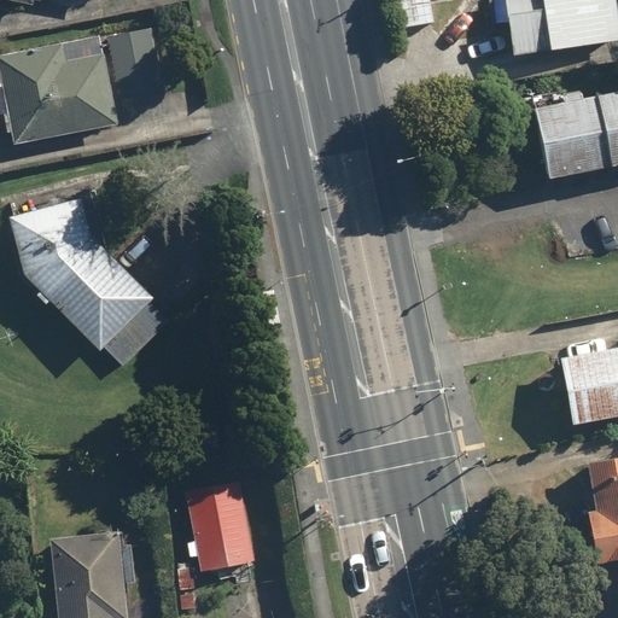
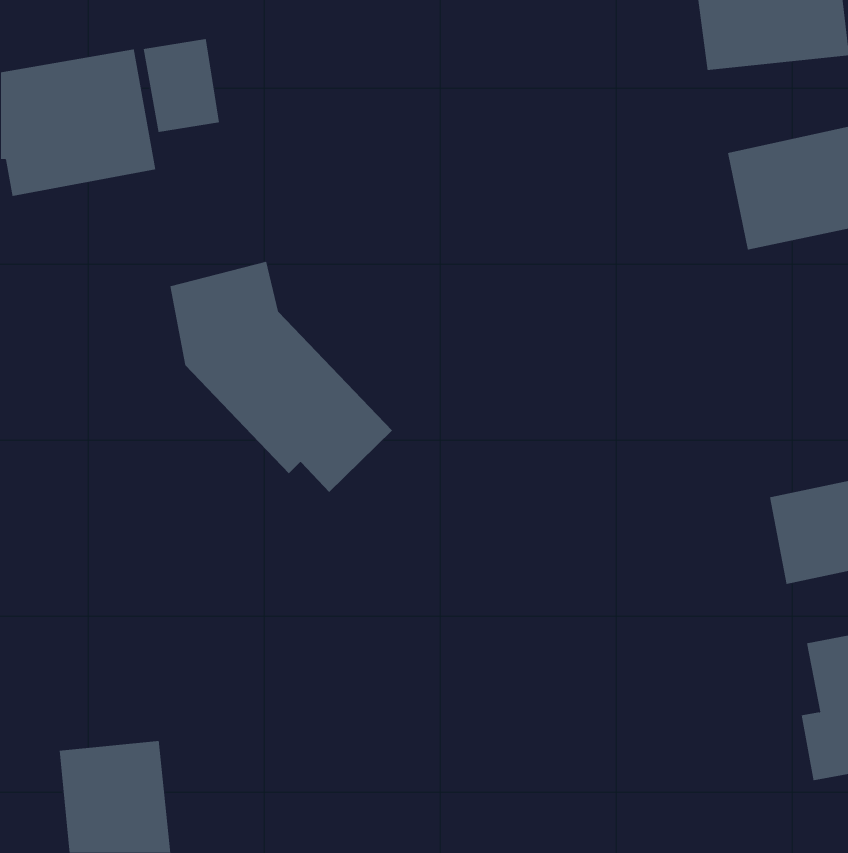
building: [12,199,173,366] -> [170,261,393,493]
building: [187,483,253,571] -> none

